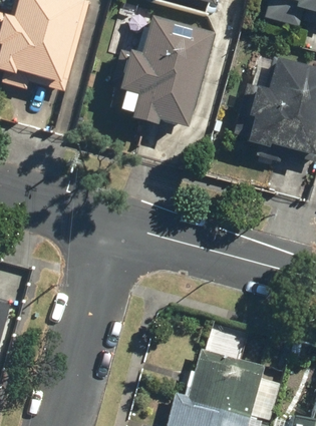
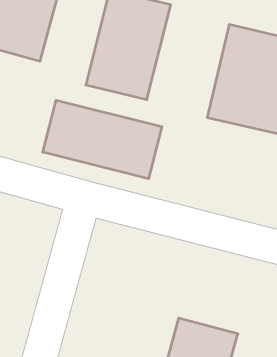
building: none -> [43,100,162,179]

